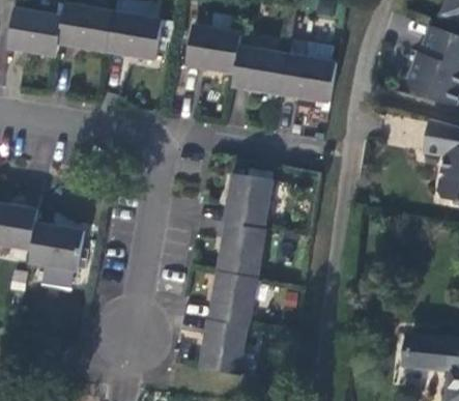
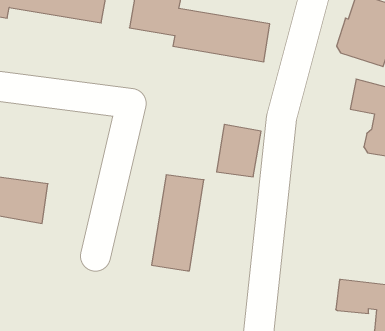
building: [224,172,271,228] -> [217,124,261,177]
building: [199,319,247,374] -> none

